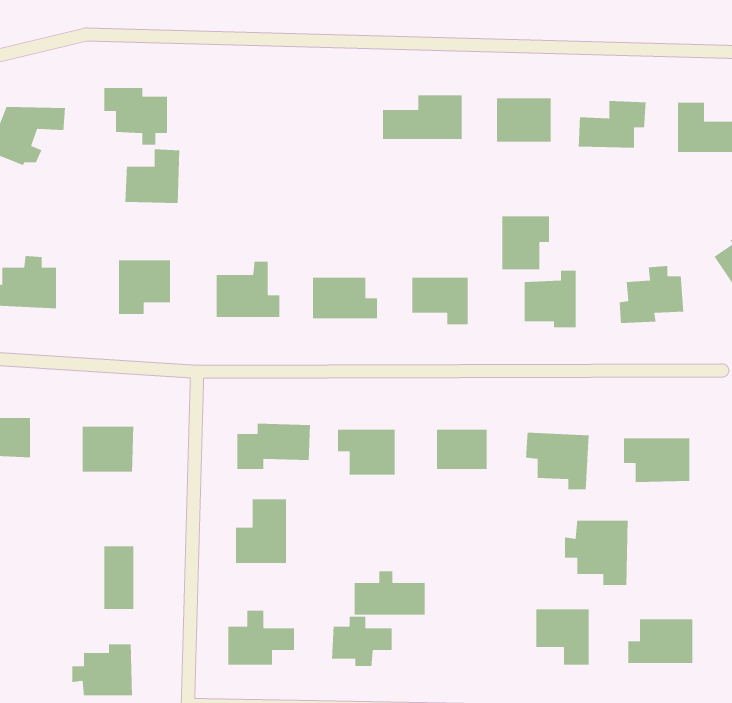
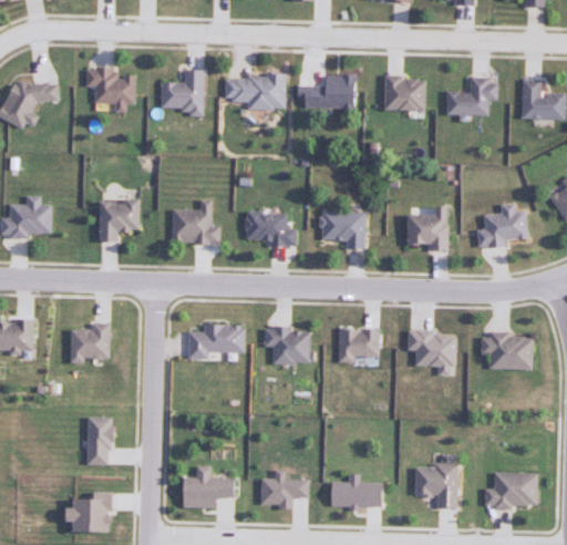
building: none -> [226,75,286,110]
building: [125,148,180,204] -> [162,70,204,112]
building: [502,216,550,270] -> none
building: [235,498,287,564] -> none
building: [564,520,629,586] -> none
building: [354,570,425,616] -> [329,473,383,507]

